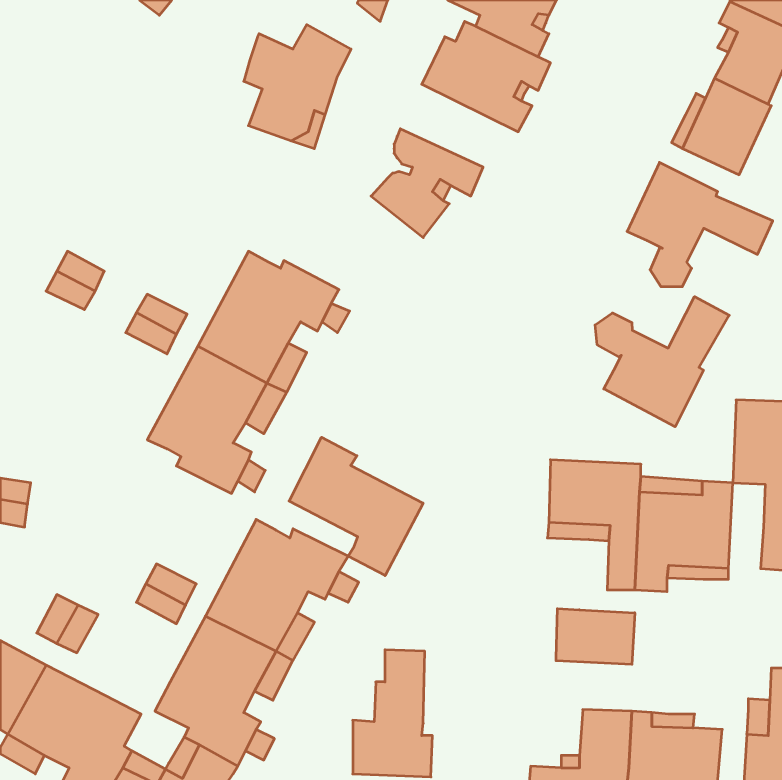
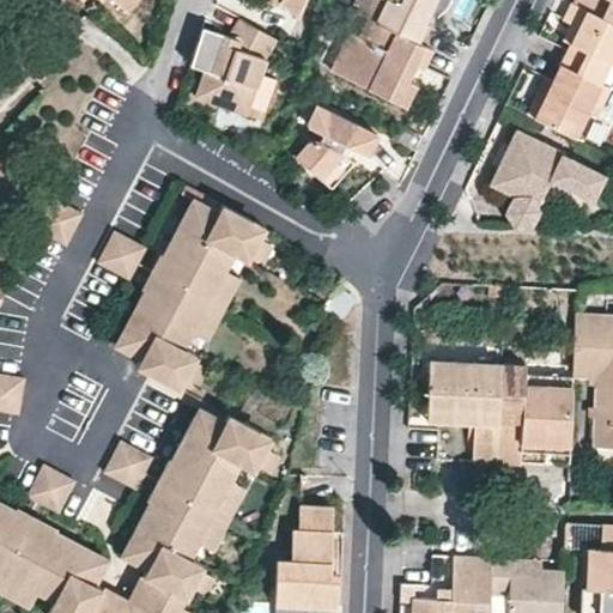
building: [595,297,729,427] -> none
building: [289,437,423,576] -> none
building: [556,609,635,664] -> none

